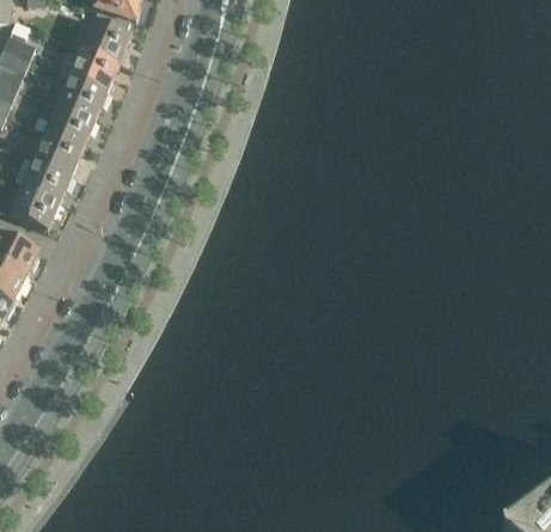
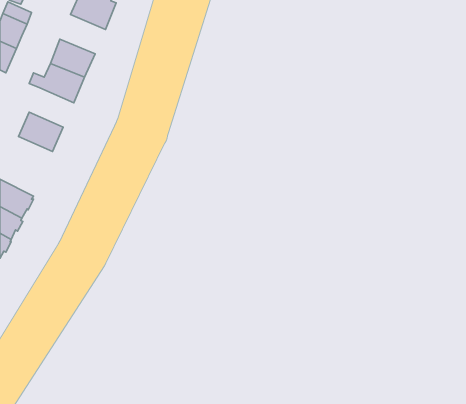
building: [68,45,120,90] -> none
building: [33,128,84,172] -> none
building: [10,183,60,227] -> none

